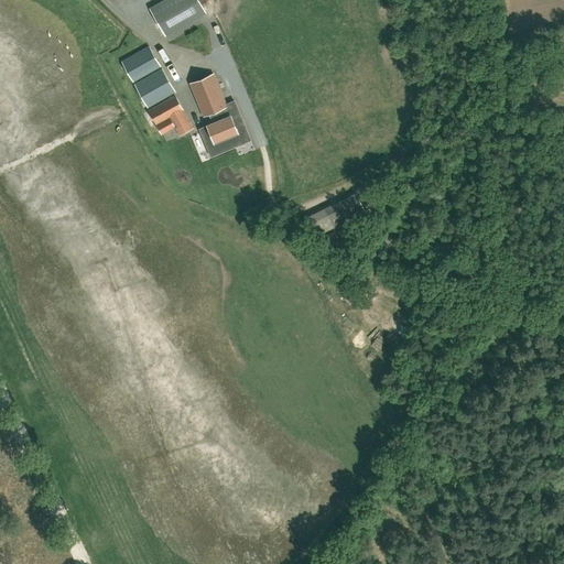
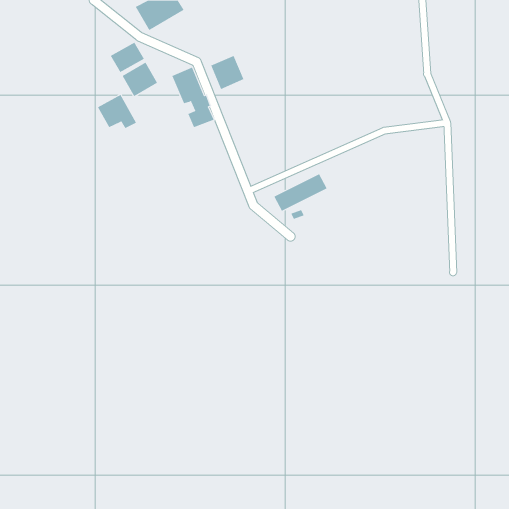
building: none -> [210,55,244,90]
building: [148,97,192,135] -> [97,94,137,129]

